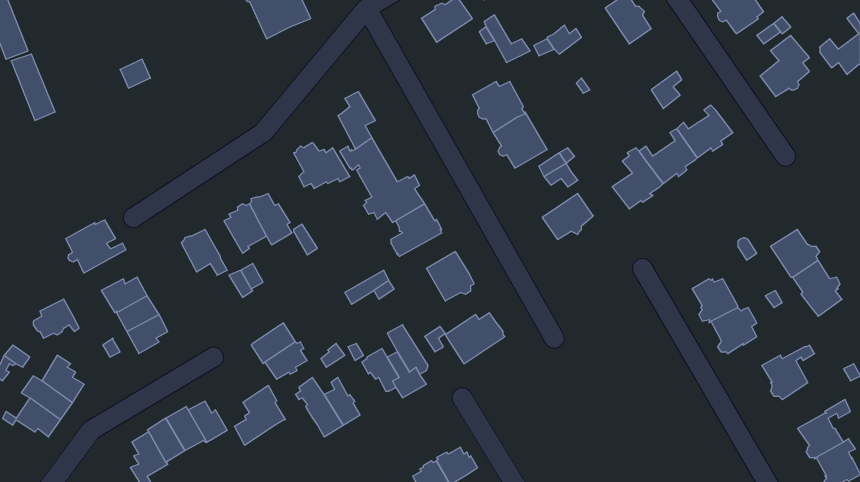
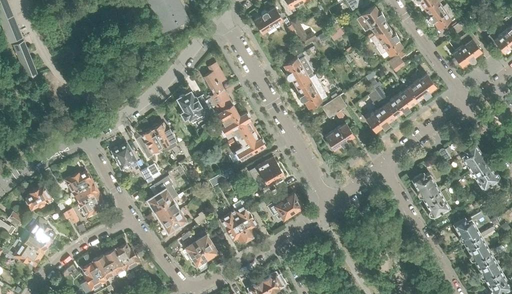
building: none -> [370,26,402,56]
building: [66,220,126,273] -> none
building: none -> [465,227,496,261]
building: [234,386,285,445] -> [148,176,178,211]

